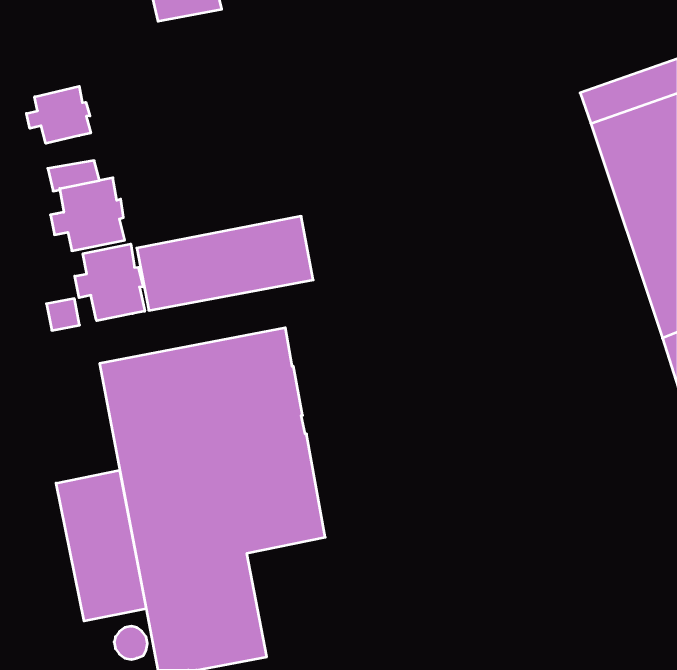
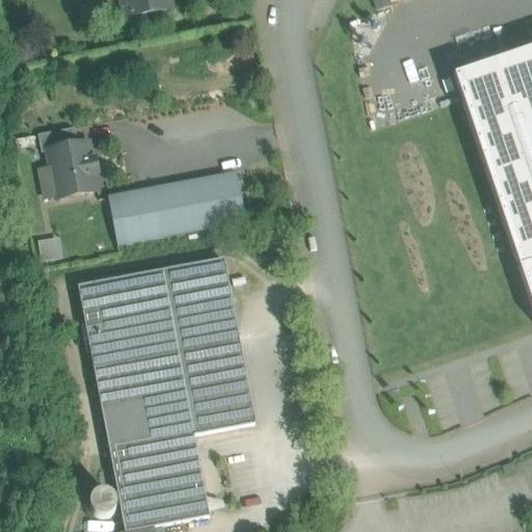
building: [26,86,91,143] -> none
building: [75,244,145,321] -> none
building: [56,470,146,621] -> none

